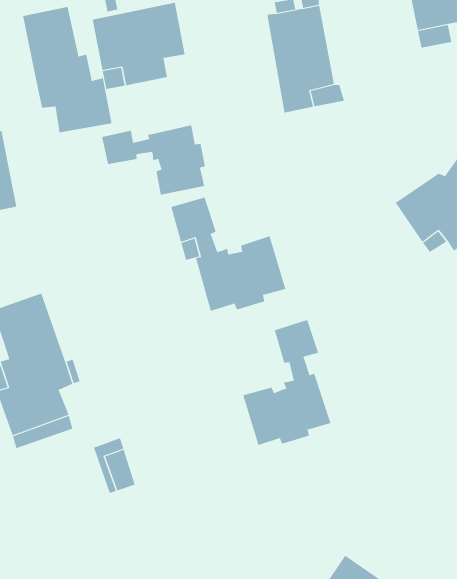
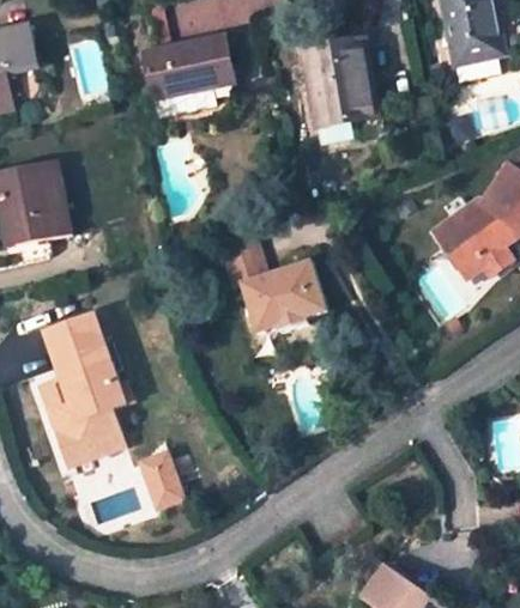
building: [23,6,112,133] -> none
building: [102,124,205,196] -> none
building: [243,319,331,446] -> none

